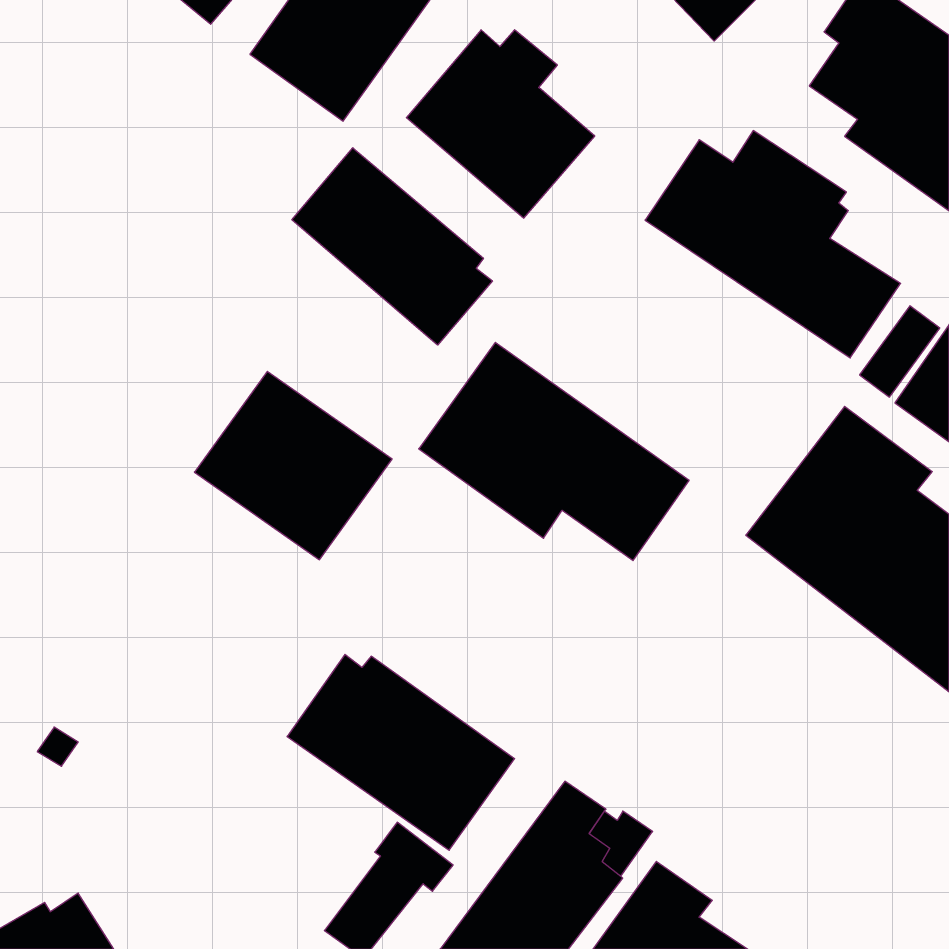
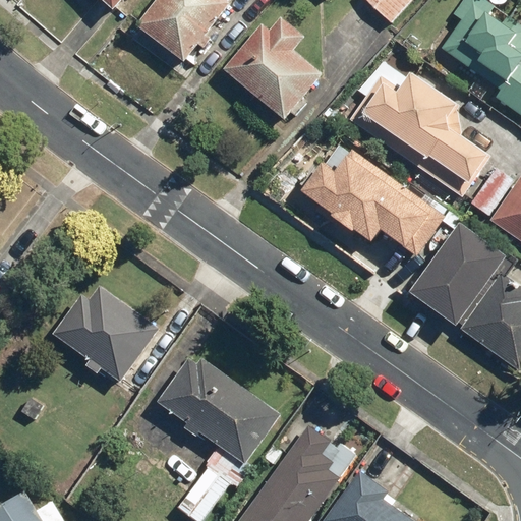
building: [292,148,492,345] -> none
building: [419,342,689,561] -> [301,140,449,259]
building: [194,371,392,560] -> [52,280,160,383]

